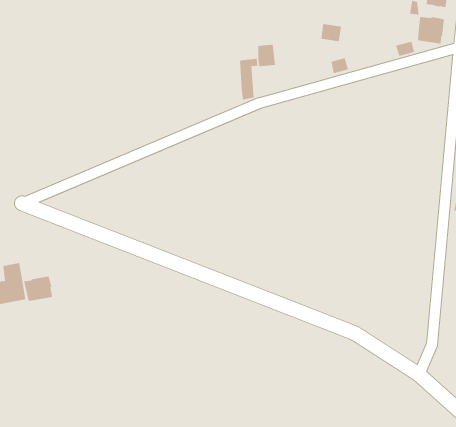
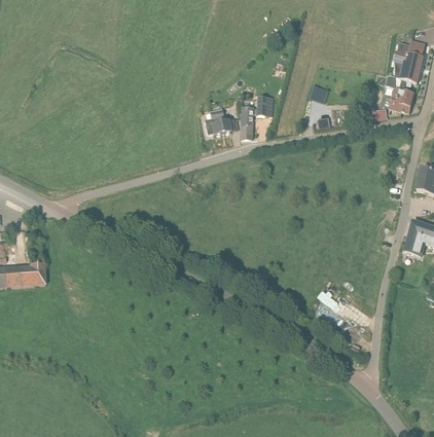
building: none -> [204,108,230,135]
building: [23,275,53,302] -> none

